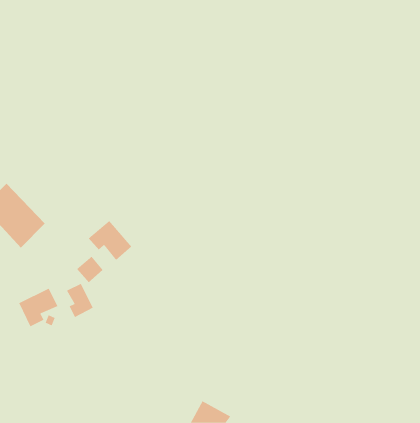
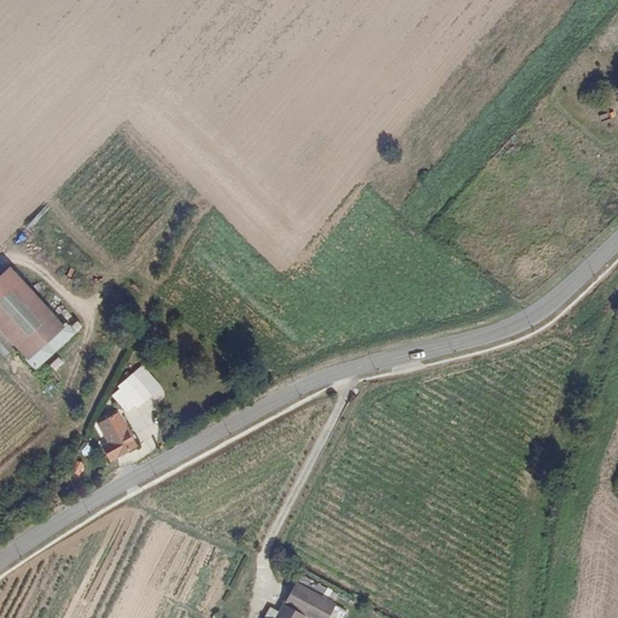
building: [88,220,132,261] -> none
building: [18,288,58,327] -> none

